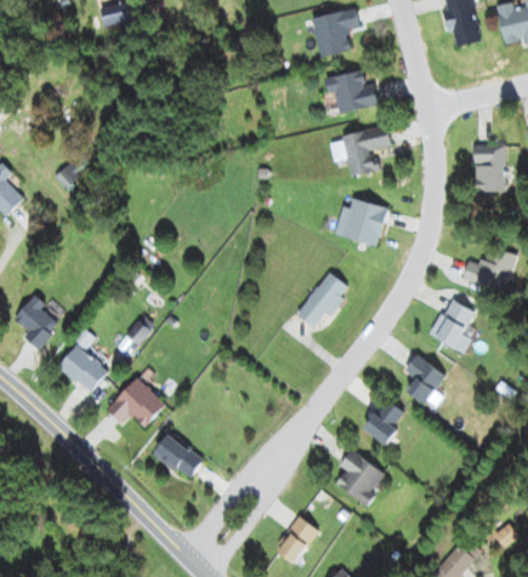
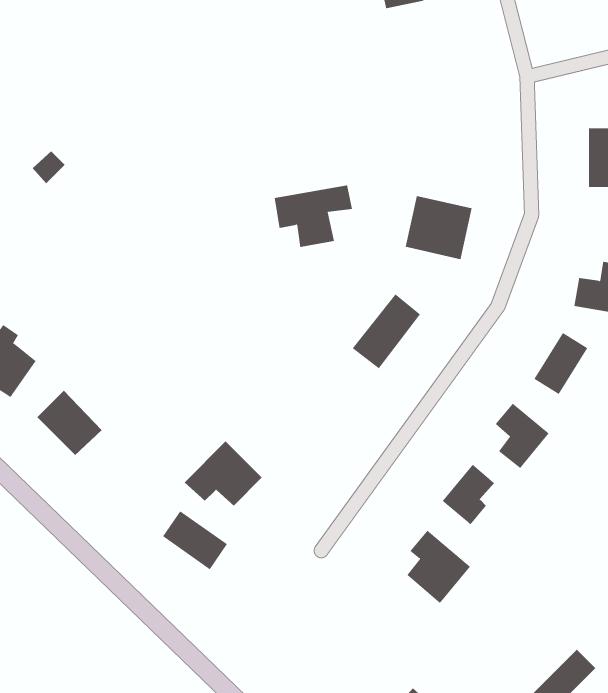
building: [328,69,377,114] -> none
building: [331,128,391,176] -> [274,185,353,248]
building: [106,378,165,428] -> [184,441,263,506]
building: [276,519,318,565] -> none

